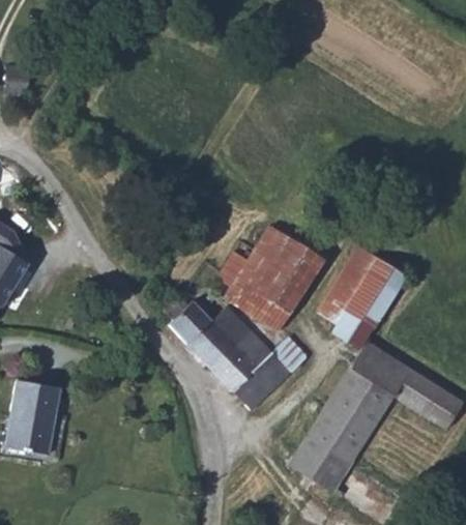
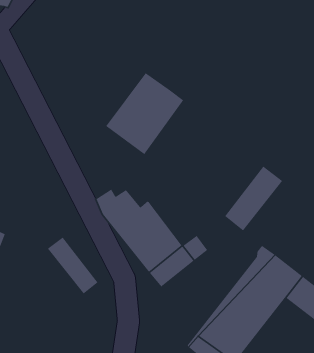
building: [230,229,320,327] -> [105,72,184,155]
building: [333,264,404,355] -> none
building: none -> [47,236,99,295]

